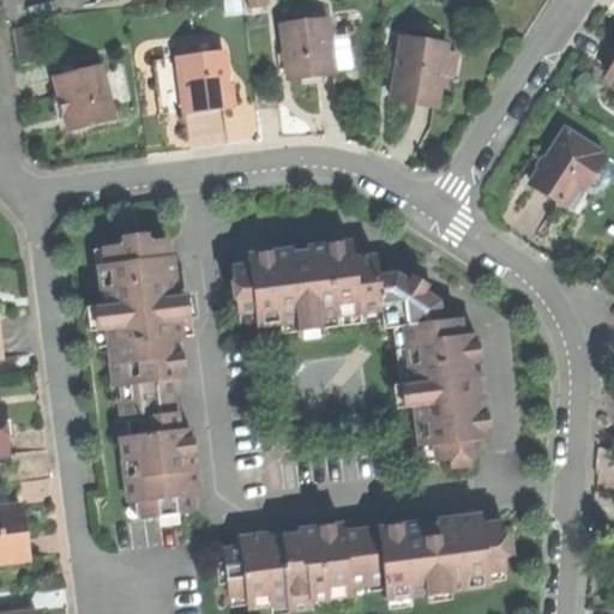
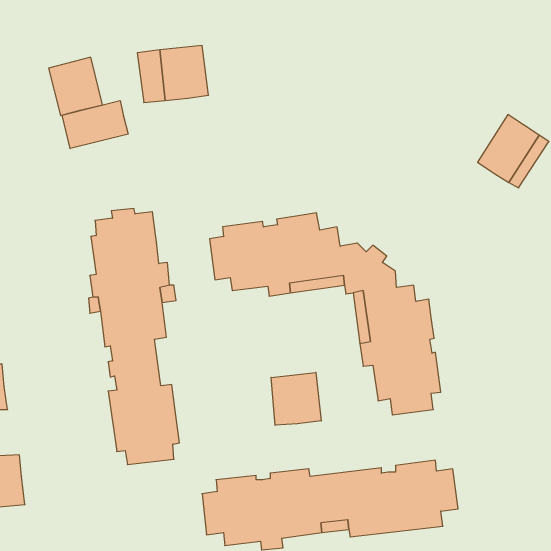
building: [282,16,337,79] -> none
building: [392,36,447,102] -> none
building: none -> [62,101,128,149]
building: none -> [271,372,321,425]

